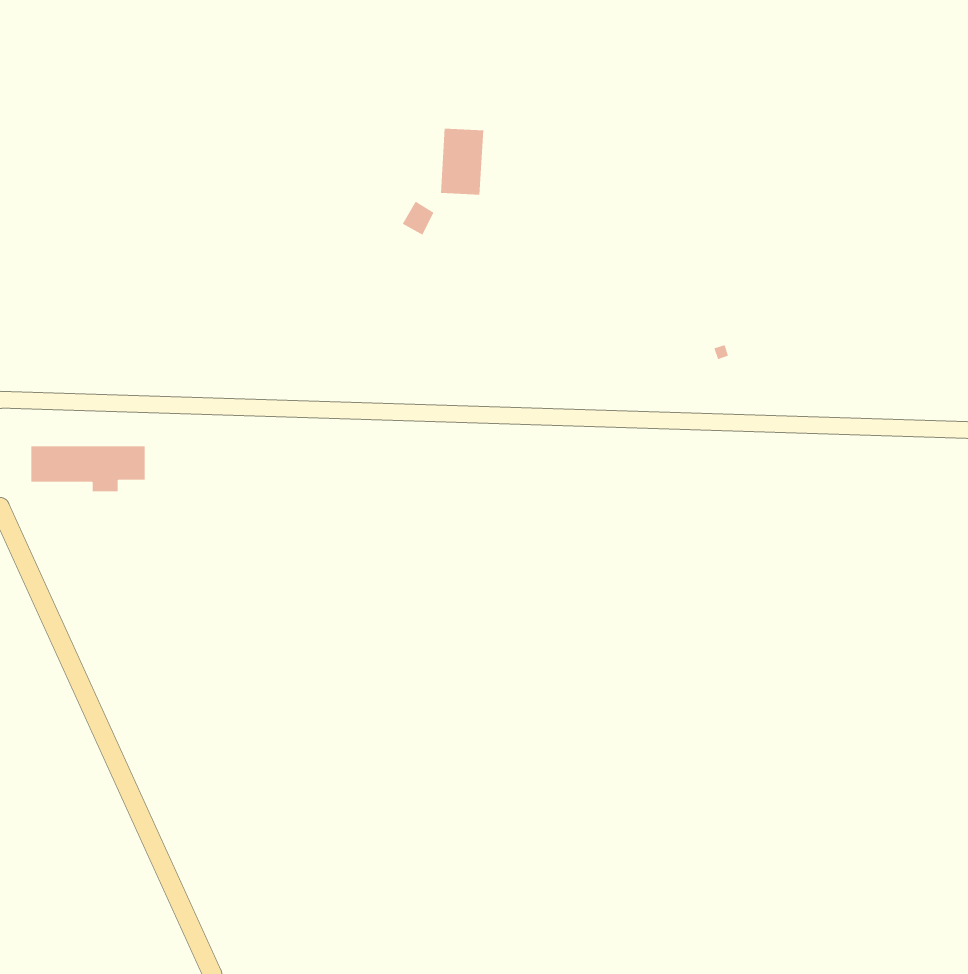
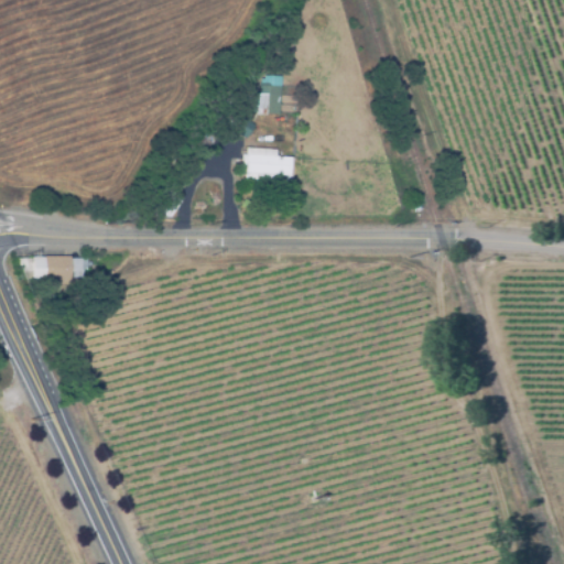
building: none -> [243,145,294,181]

